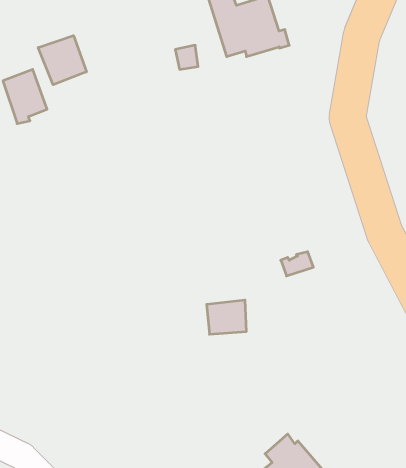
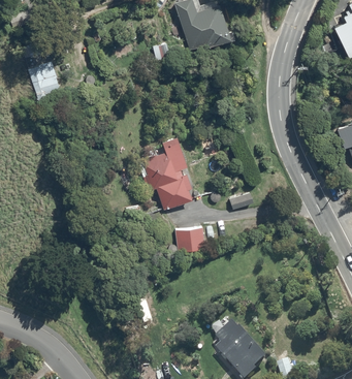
building: [38,36,86,85] -> none
building: none -> [142,137,194,209]

